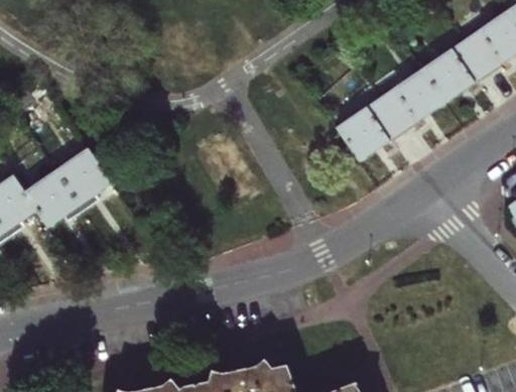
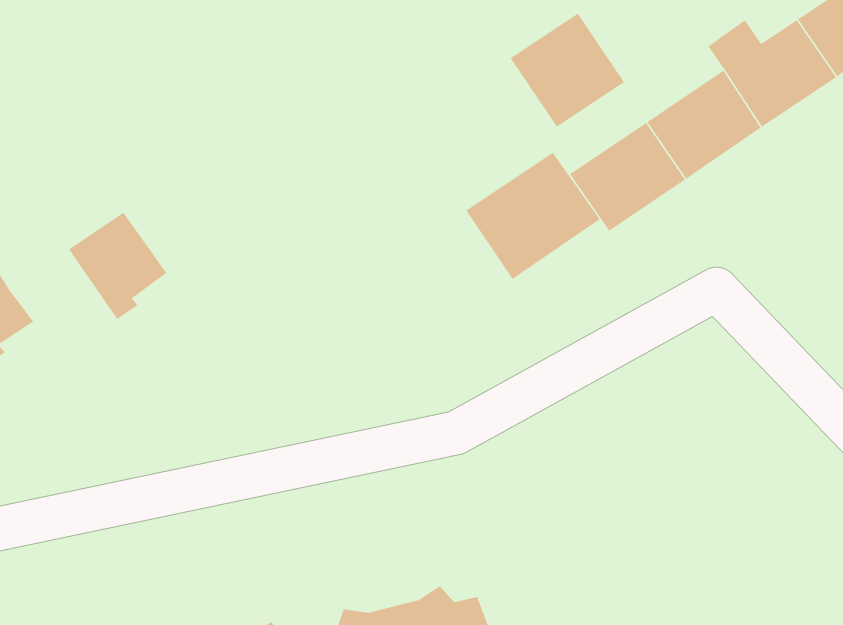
building: none -> [510,13,625,128]
building: none -> [466,152,600,280]
building: [22,171,82,228] -> none

